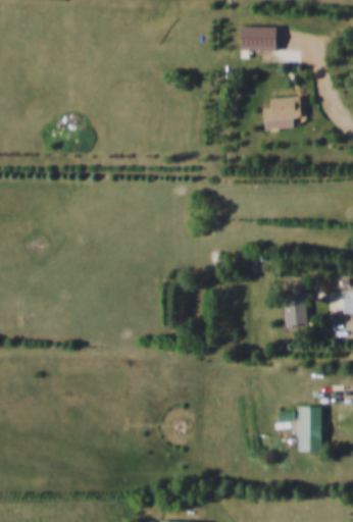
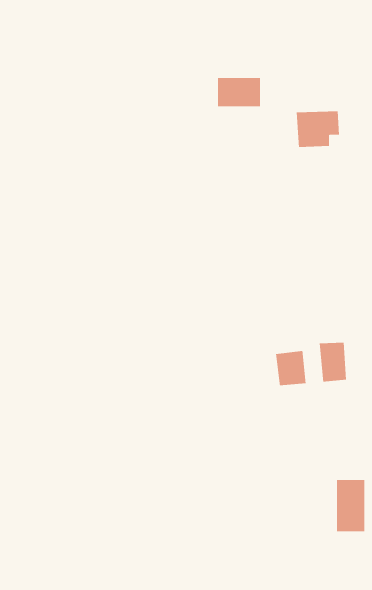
building: [239,27,275,51] -> [217,78,261,107]
building: none -> [275,350,306,386]

